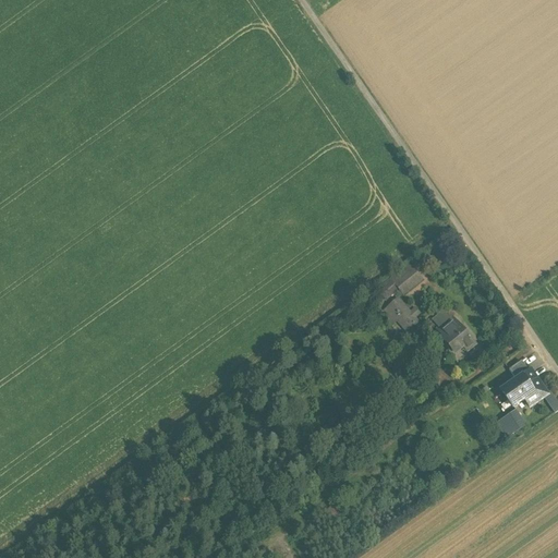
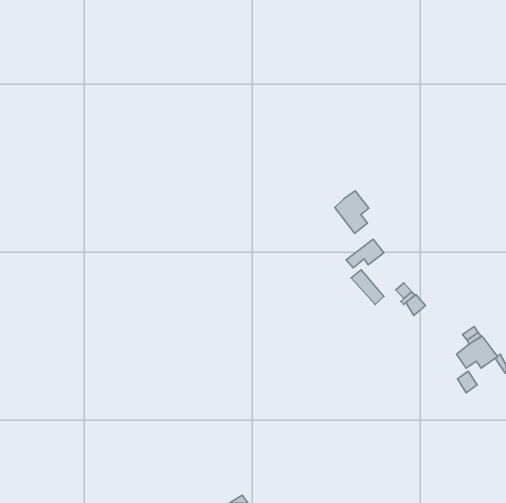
building: none -> [335,191,369,234]

